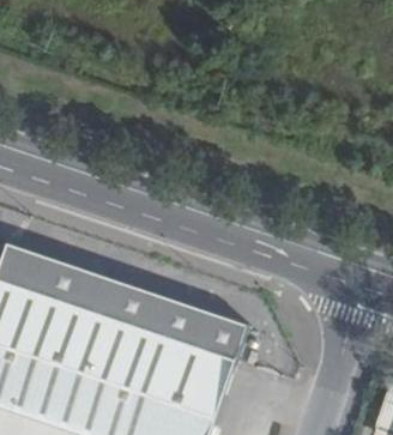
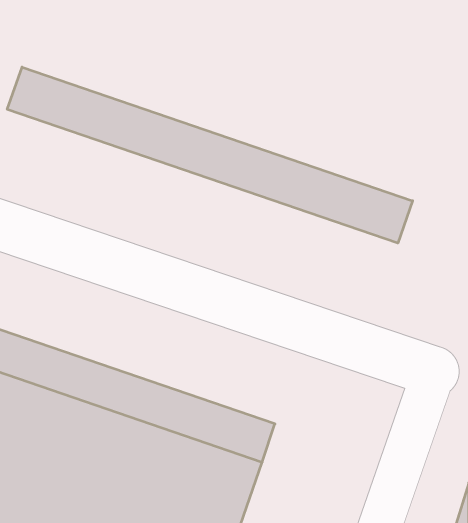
building: none -> [7,67,413,243]

